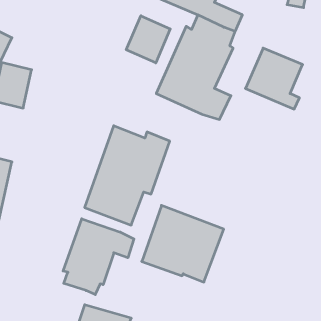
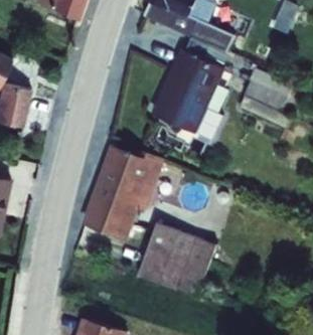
building: [126,16,170,63] -> none
building: [63,219,134,295] -> none

